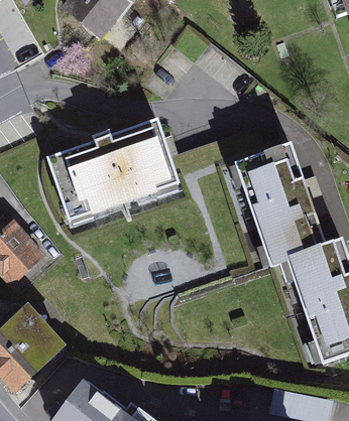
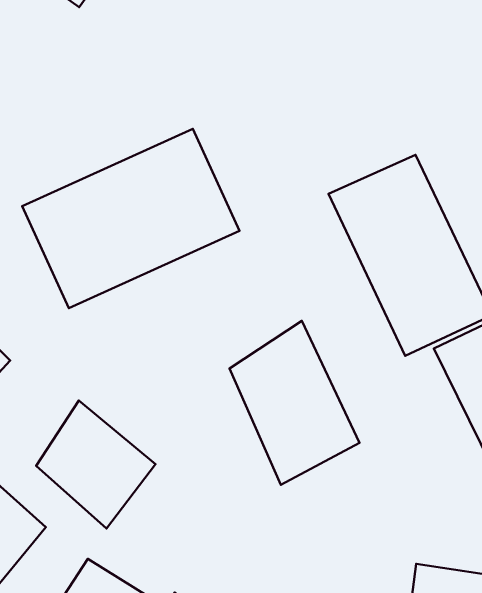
building: none -> [230,321,360,485]
building: none -> [36,401,156,528]

